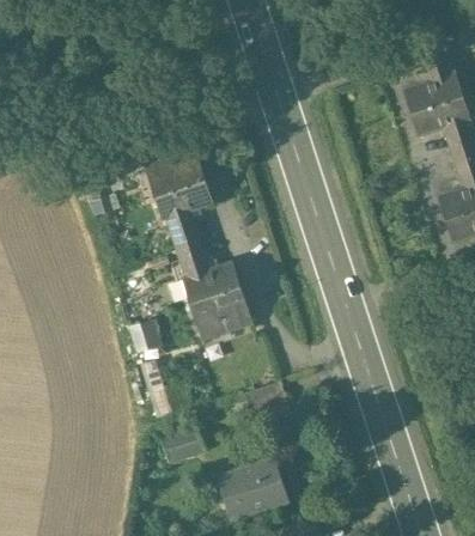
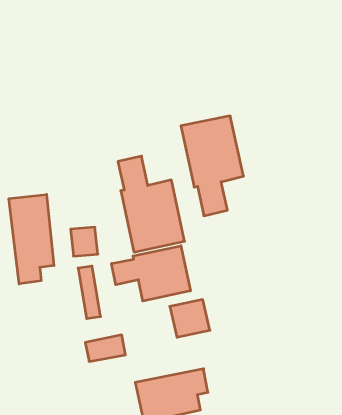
building: [141,142,212,249] -> [181,116,244,216]
building: none -> [9,194,54,284]
building: none -> [112,246,190,301]

